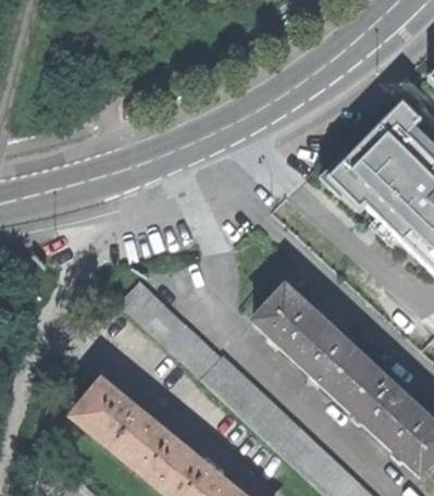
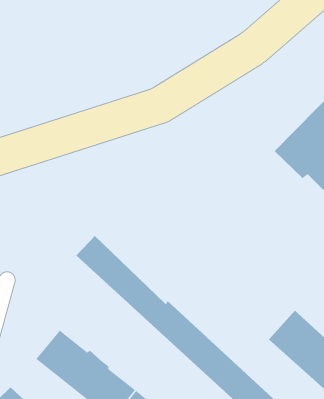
building: [249,283,363,394] -> none

